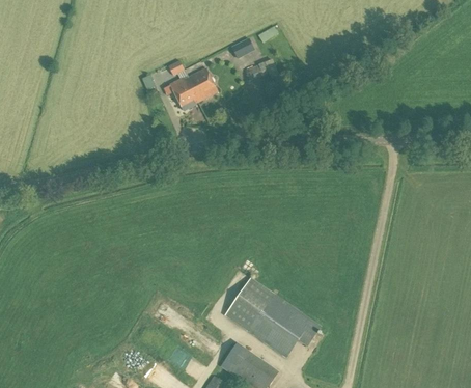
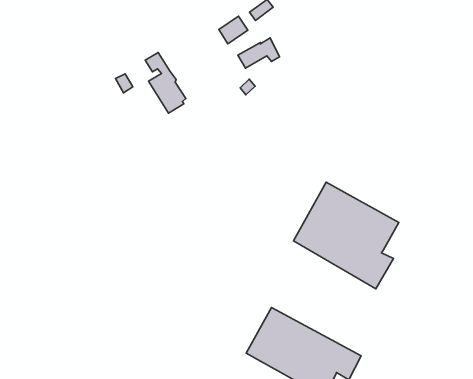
building: [188,67,218,100] -> none
building: none -> [293,182,399,289]

